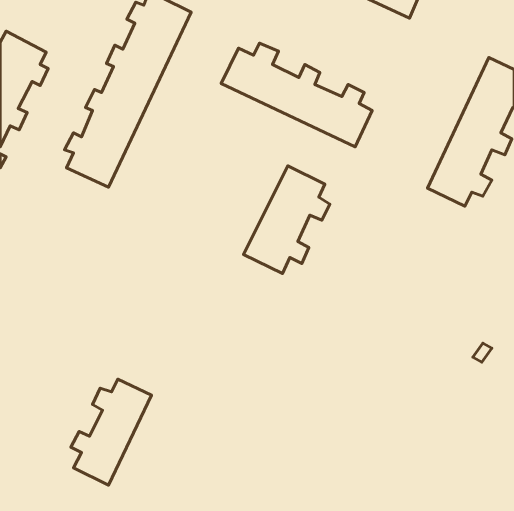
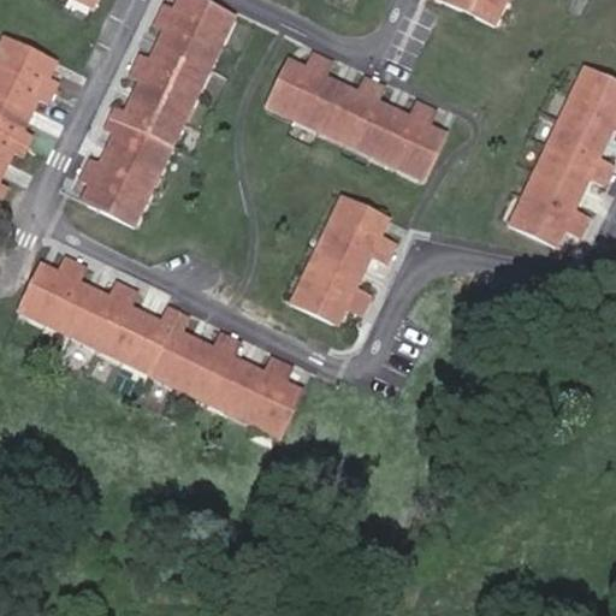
building: none -> [18,256,301,434]
building: [71,379,151,485] -> none

